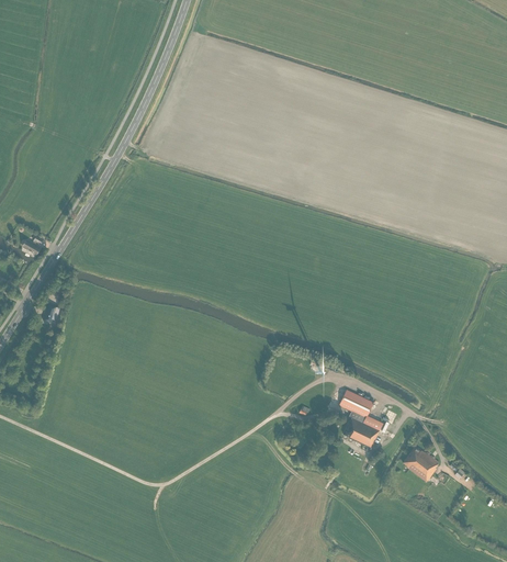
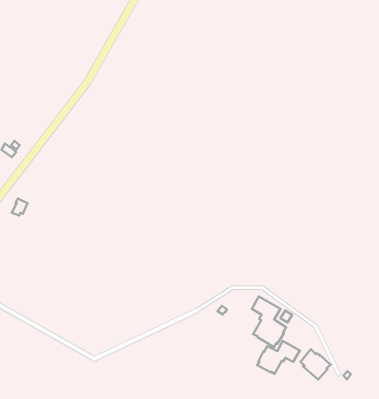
building: none -> [257,341,300,374]

